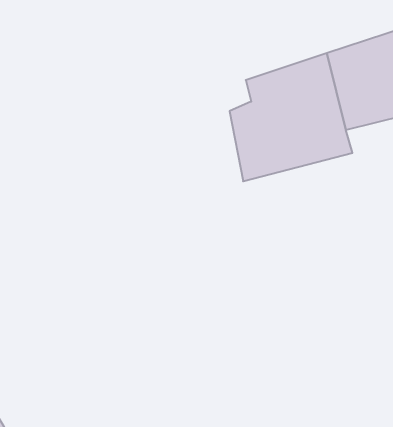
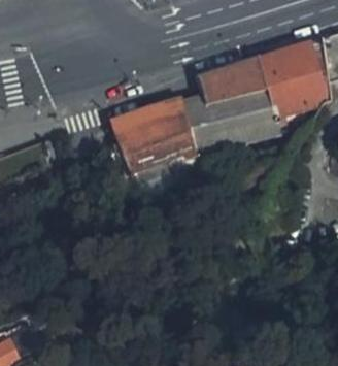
building: none -> [113,97,199,178]

